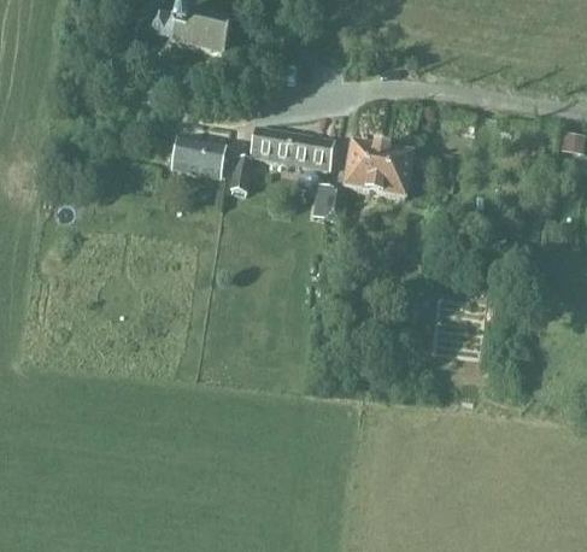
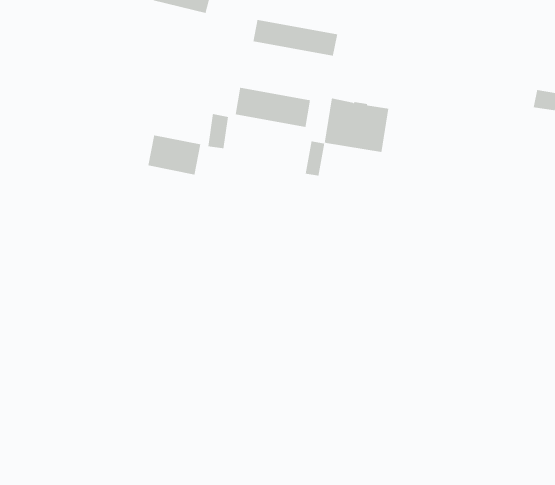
building: none -> [253,19,338,57]
building: [171,135,225,176] -> [148,135,201,175]

